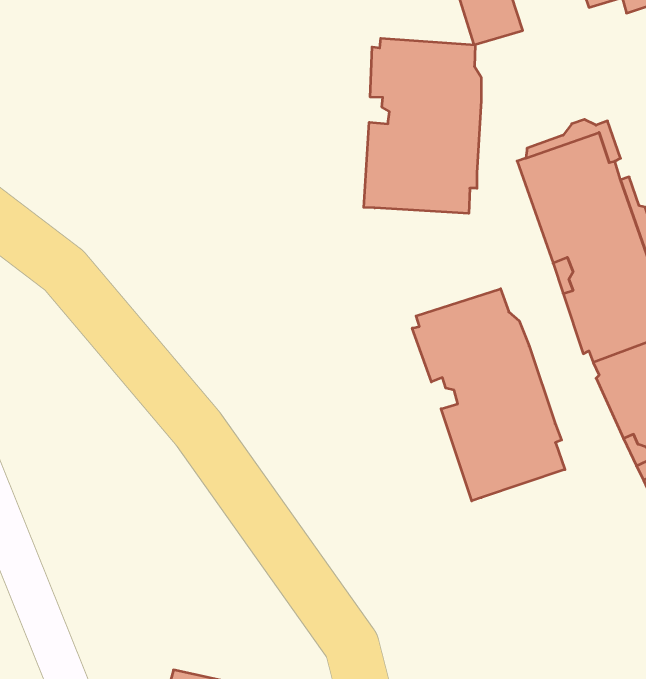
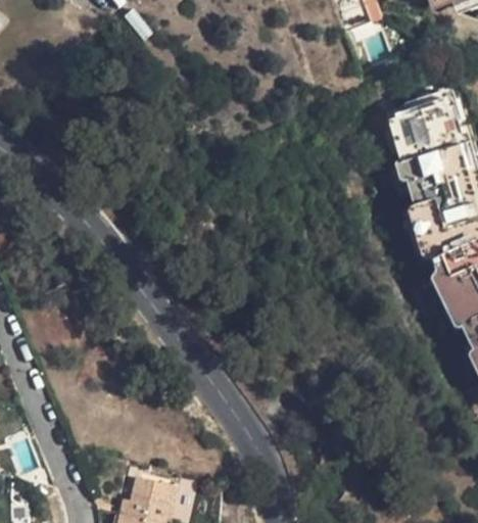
building: [364,38,481,213] -> none
building: [412,289,565,501] -> none

